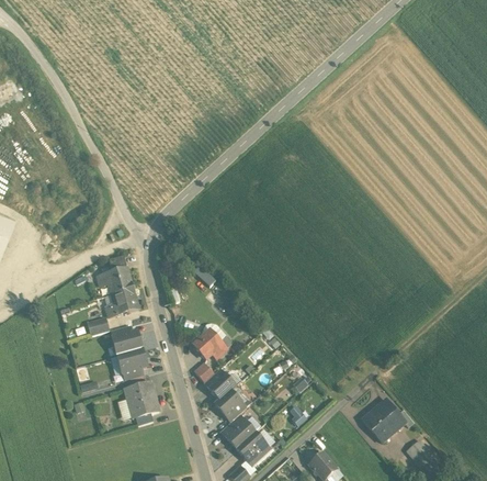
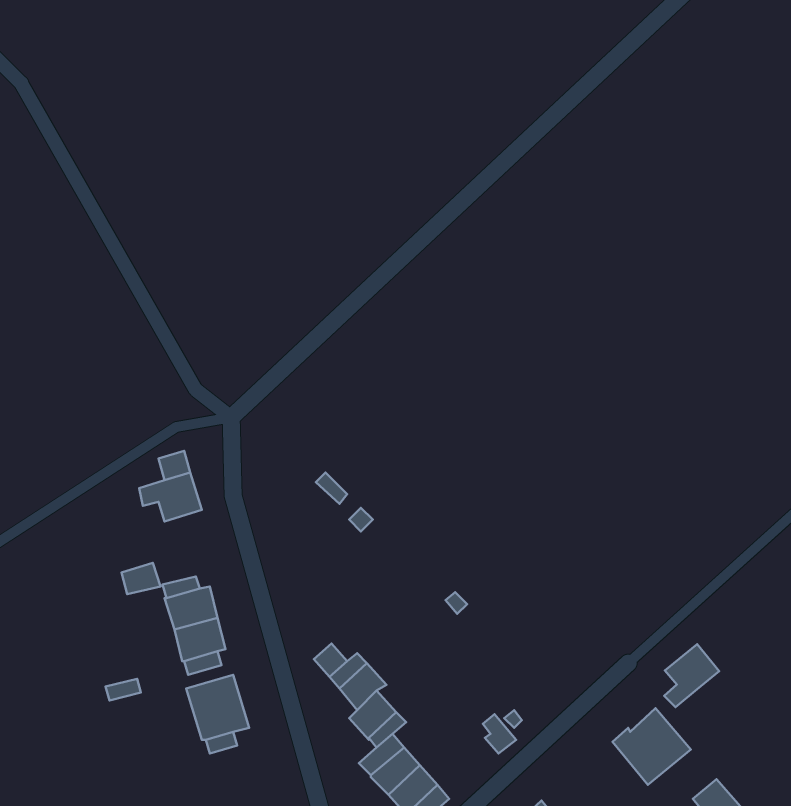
building: [105,288,138,316] -> none
building: [194,329,226,357] -> none
building: none -> [664,644,719,707]

